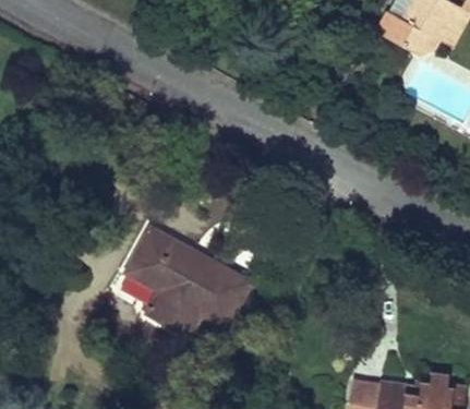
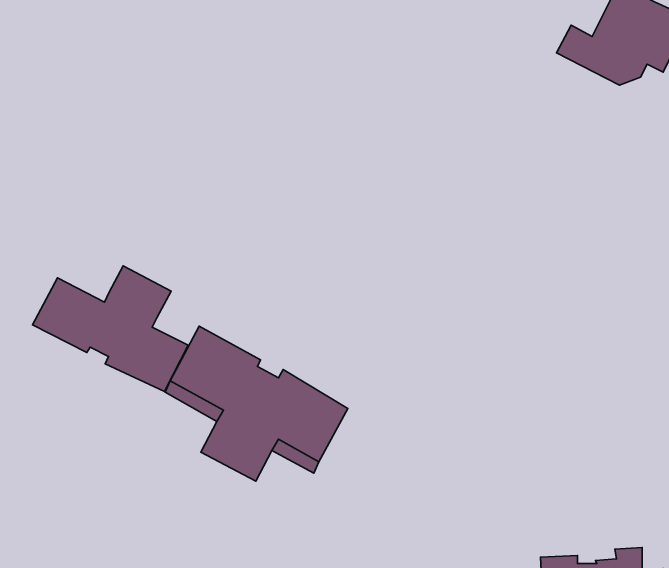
building: none -> [33,266,188,391]

